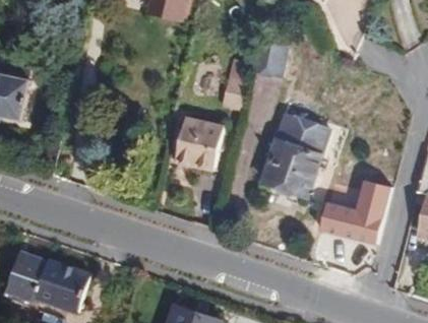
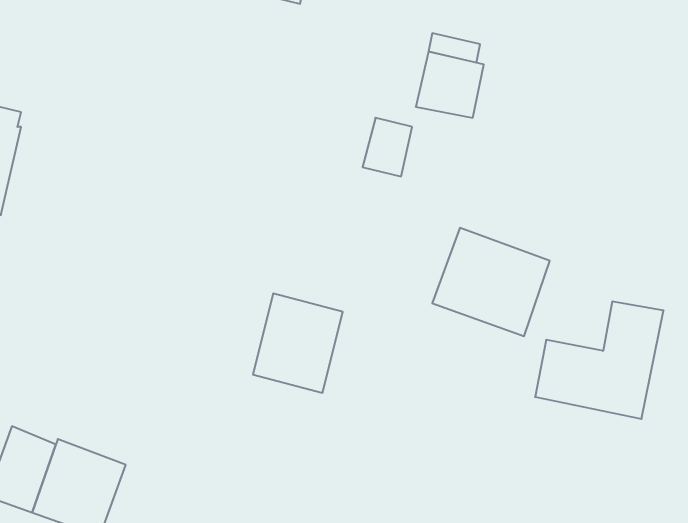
building: [273,112,332,156] -> none
building: [175,121,225,176] -> [253,294,343,393]

